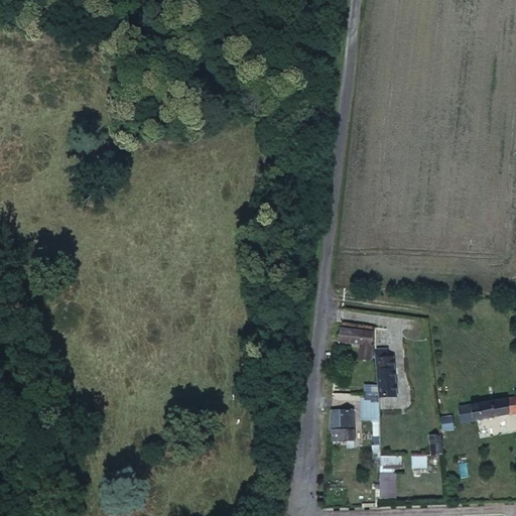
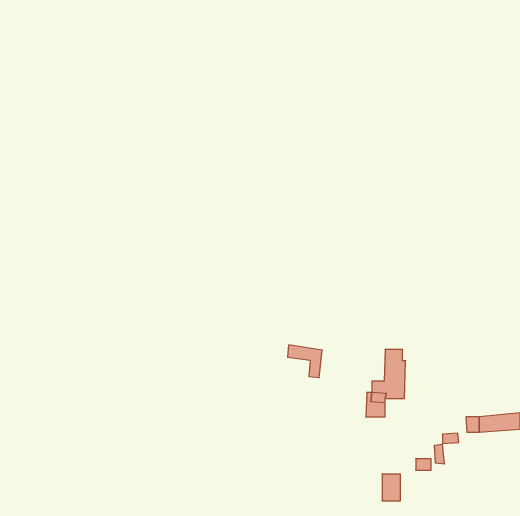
building: [341,321,375,354] -> [288,345,322,378]
building: [331,408,354,442] -> none

